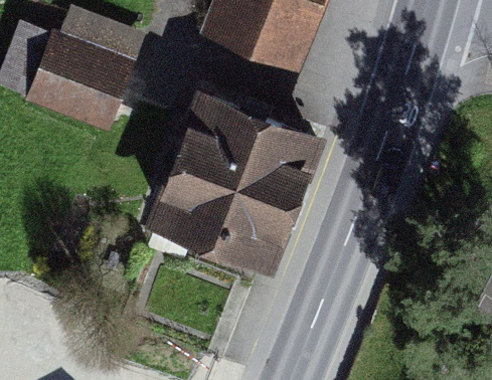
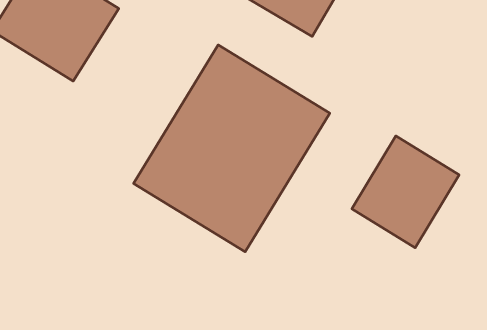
building: none -> [352,136,459,248]

